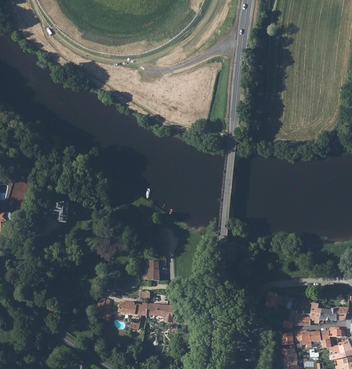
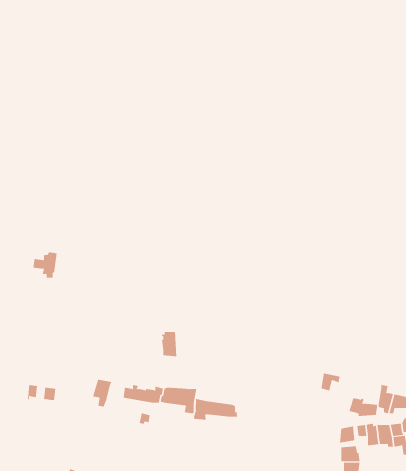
building: none -> [193,398,237,421]

